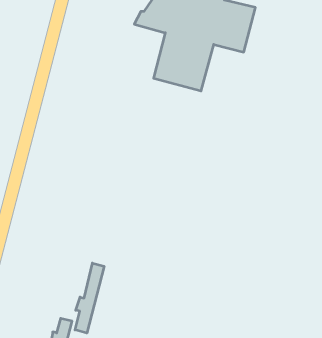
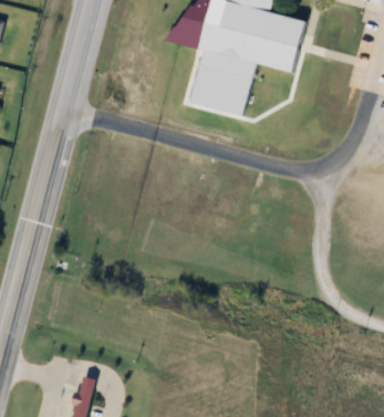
building: [75,263,104,333] -> none

